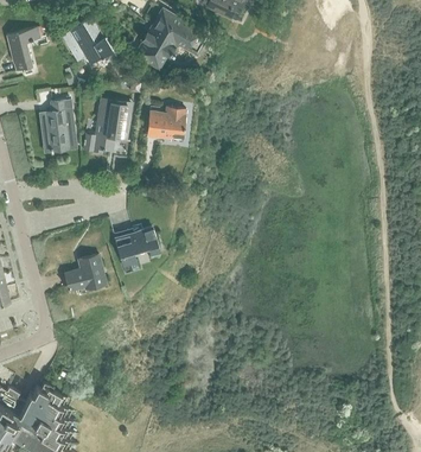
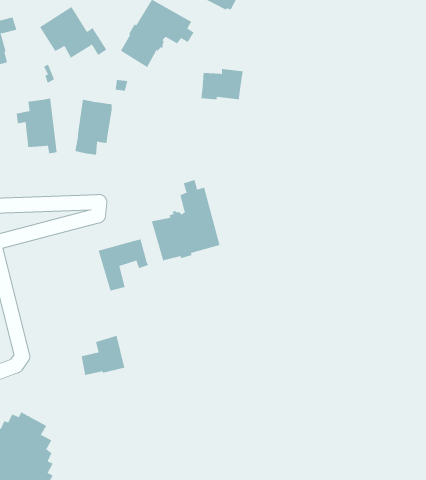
building: [147,107,186,135] -> [200,68,243,100]
building: none -> [151,179,220,261]
building: [65,254,106,291] -> [81,335,125,376]

